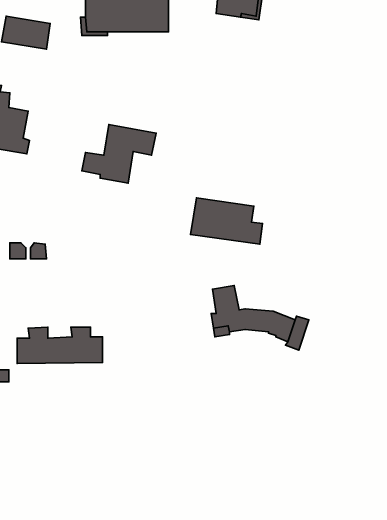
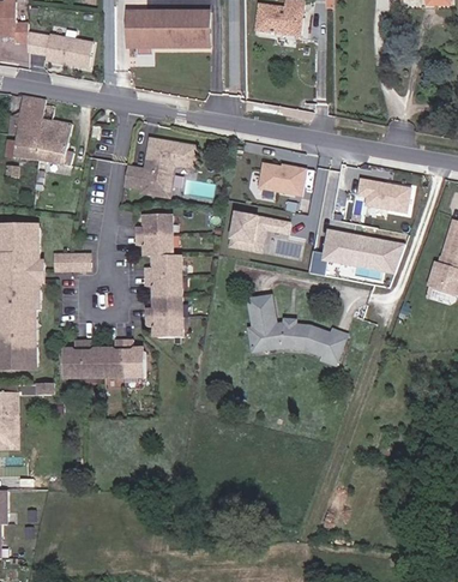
building: none -> [258,158,309,197]
building: none -> [357,179,412,211]
building: none -> [138,214,182,336]
building: none -> [308,227,406,275]

